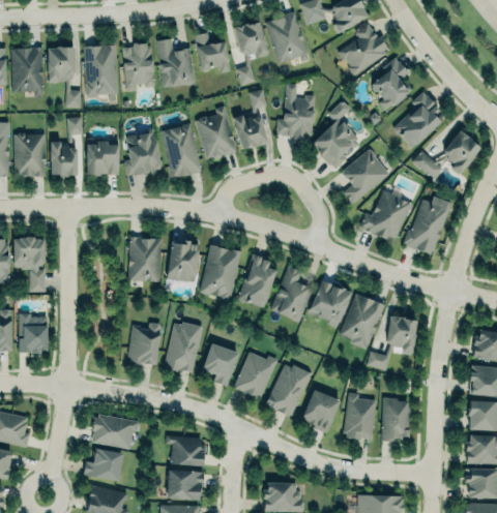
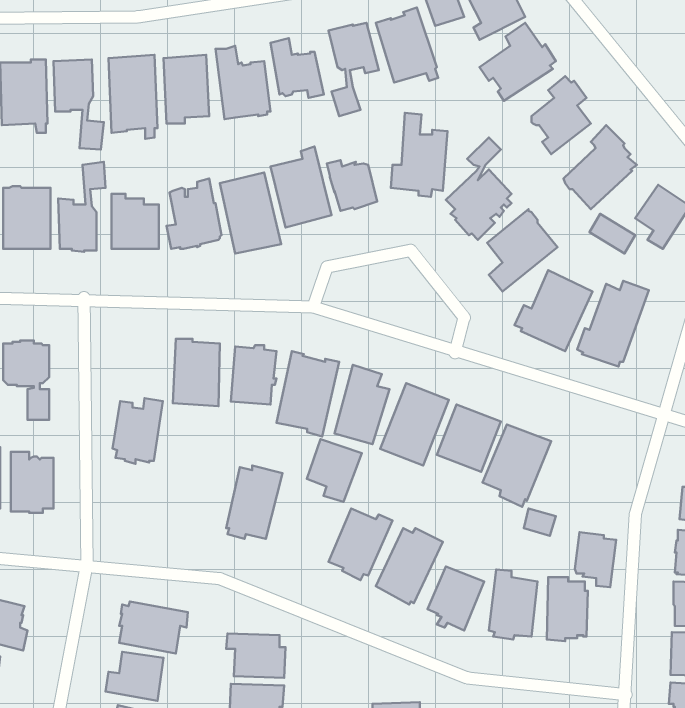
building: [387,316,415,354] -> [575,532,616,587]
building: [127,322,162,366] -> [113,398,163,464]
building: [202,343,239,386] -> [307,439,362,502]

